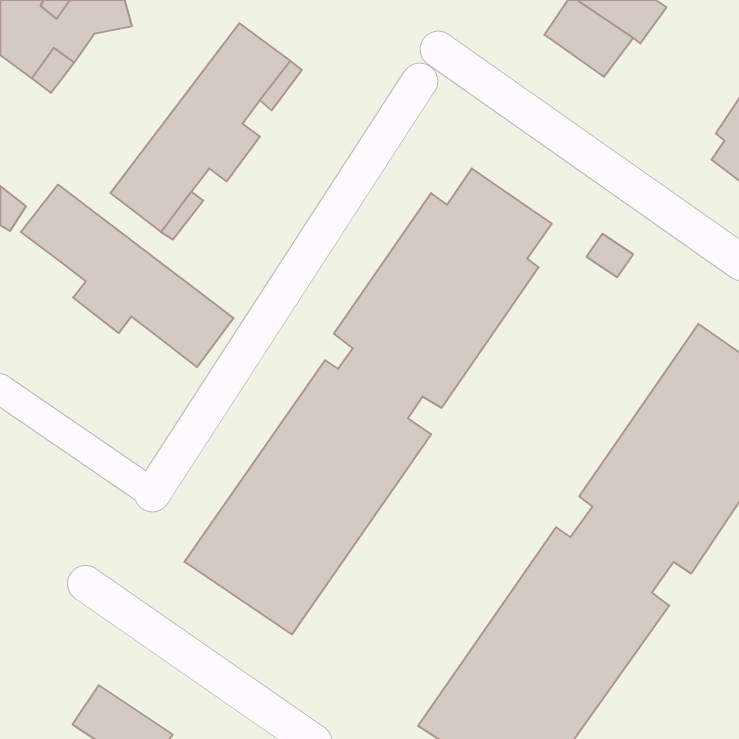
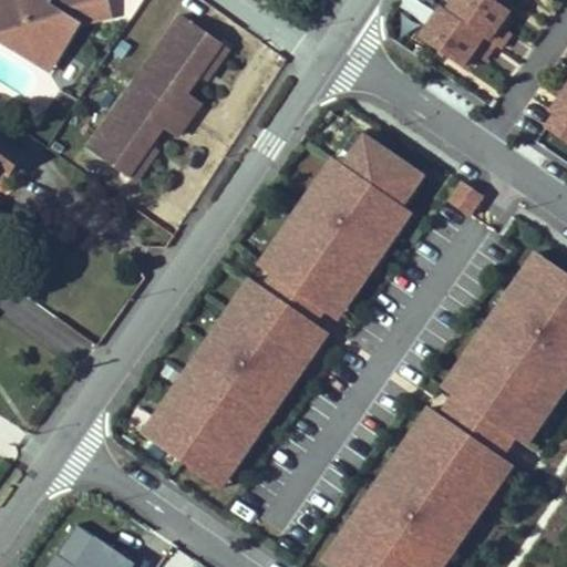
building: [21,185,234,367] -> none

